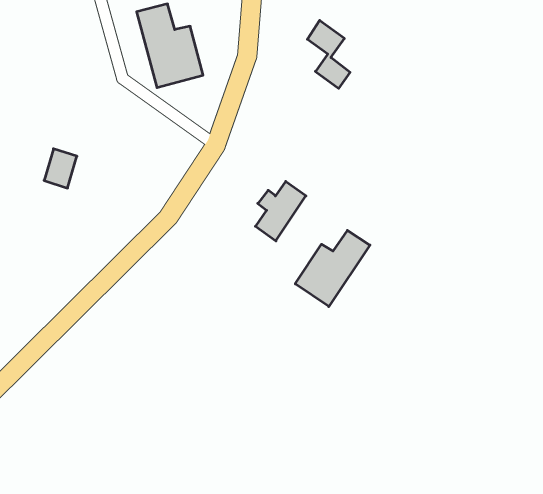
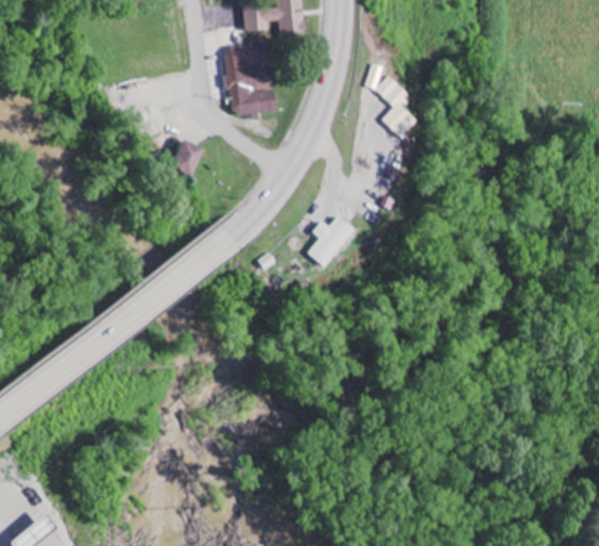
building: [44,149,77,188] -> [172,140,204,177]
building: [295,230,370,307] -> none

